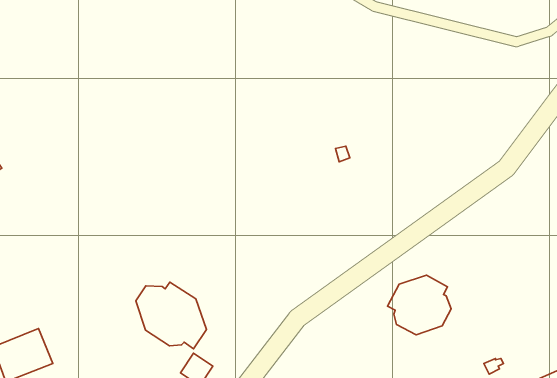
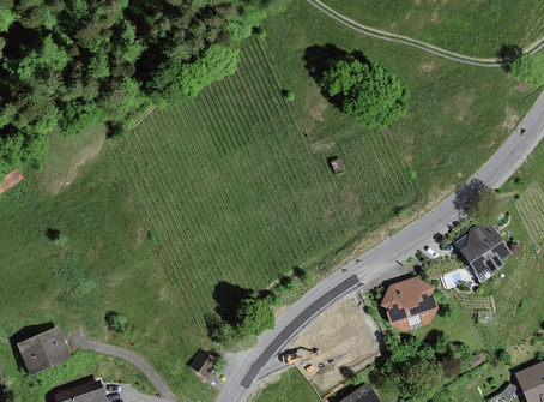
building: none -> [455,221,509,283]
building: [136,282,207,349] -> none

